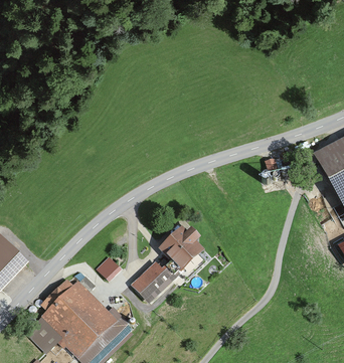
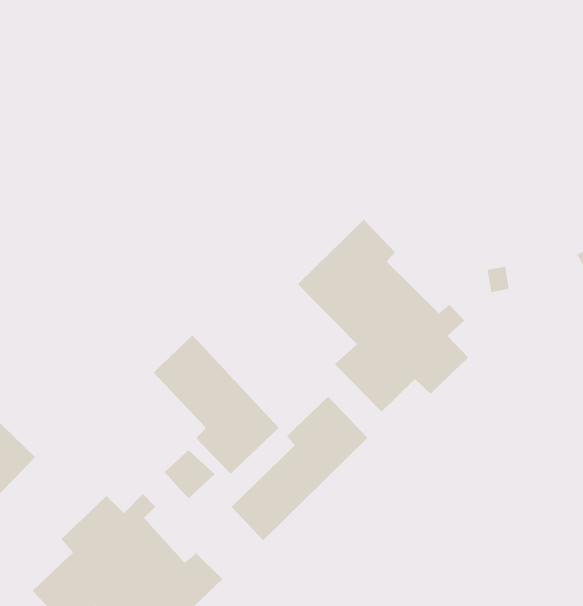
building: none -> [297,219,469,412]
building: none -> [153,334,279,474]

